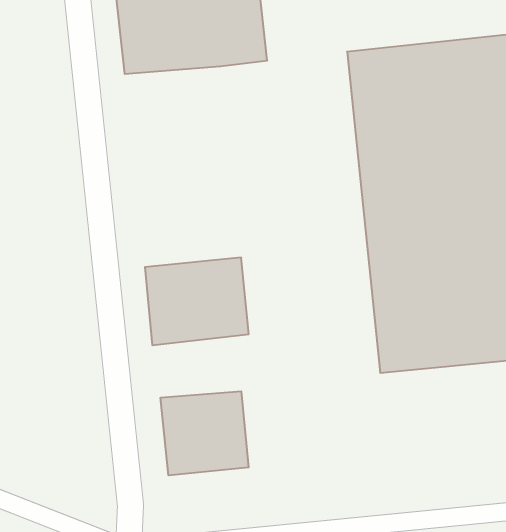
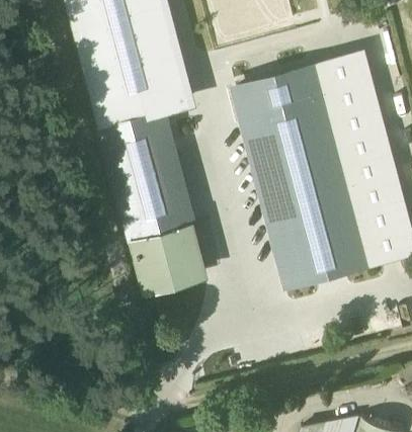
building: none -> [103,108,193,240]
building: [161,391,249,475] -> none

